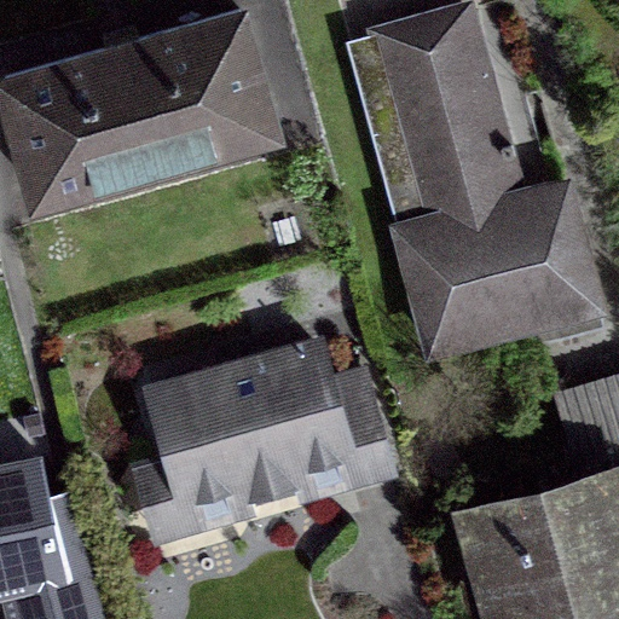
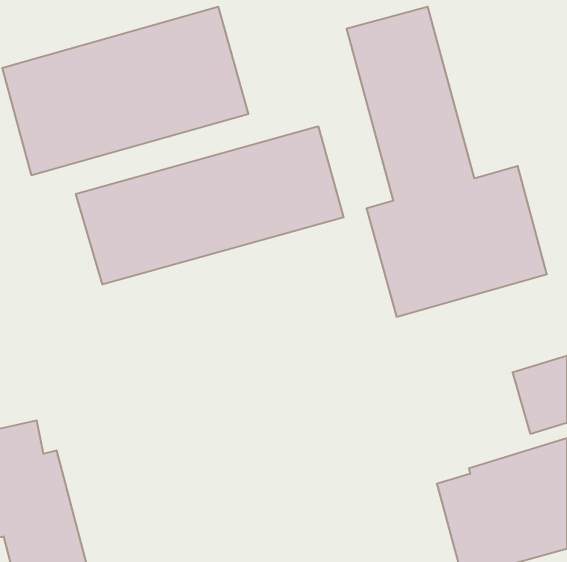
building: none -> [76,126,344,284]
building: [152,352,374,503] -> none

